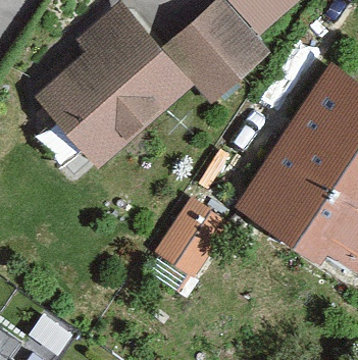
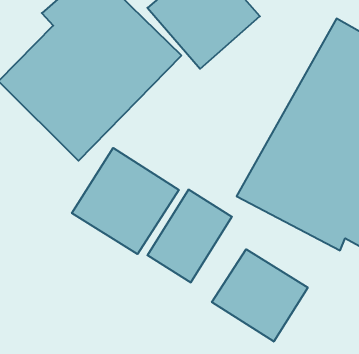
building: none -> [72,148,179,254]
building: none -> [212,249,308,342]

